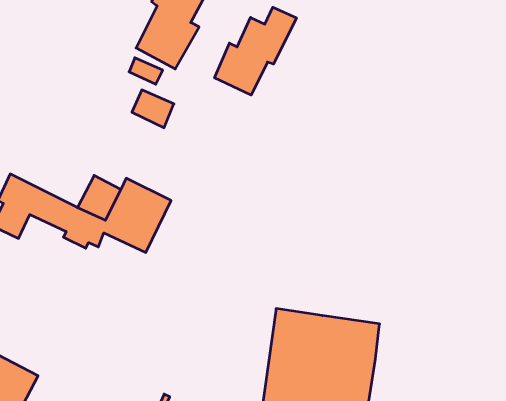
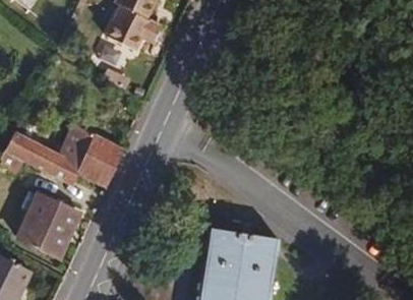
building: [215,7,296,95] -> none
building: none -> [10,189,81,264]

